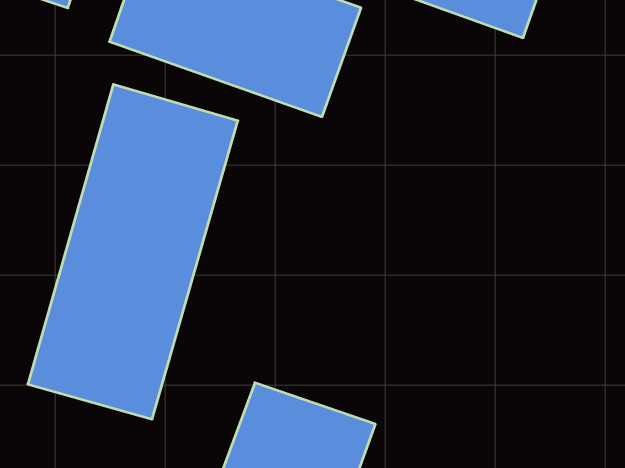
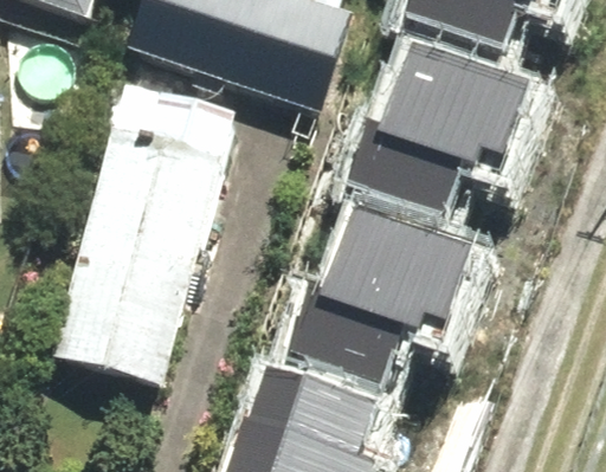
building: none -> [341,31,520,211]
building: none -> [285,198,464,377]

